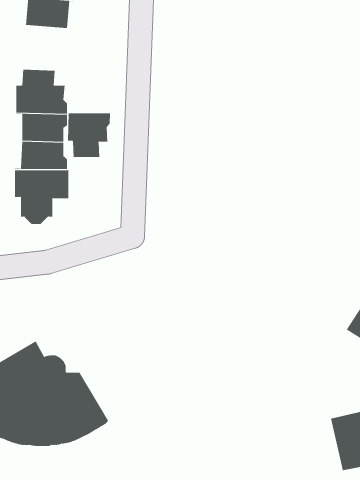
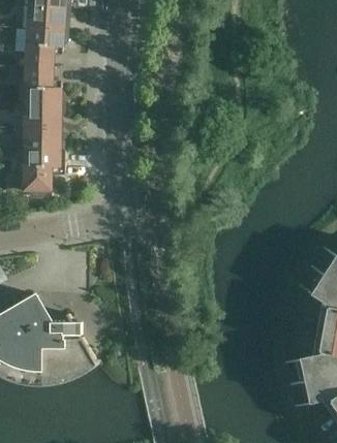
building: none -> [26,27,67,65]
building: [68,112,110,158] -> none

